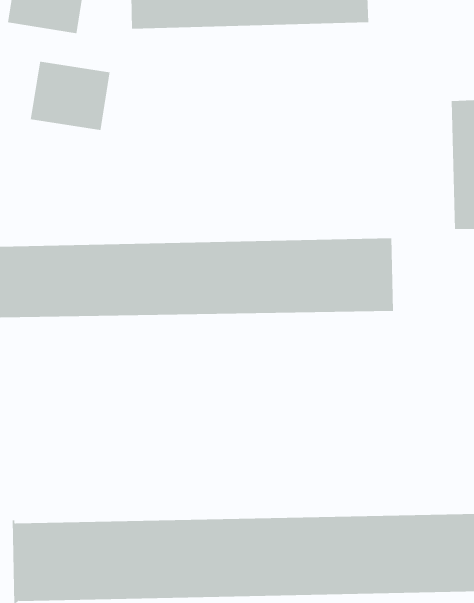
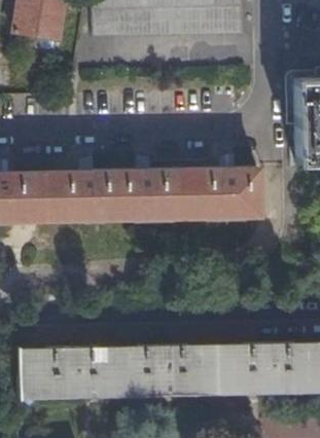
building: [30,61,110,131] -> none

